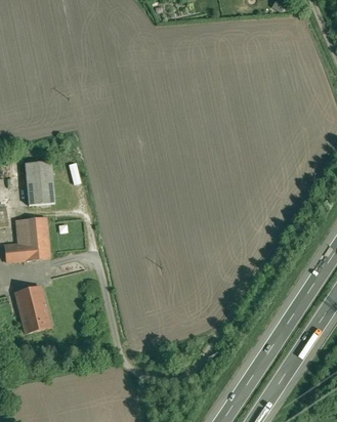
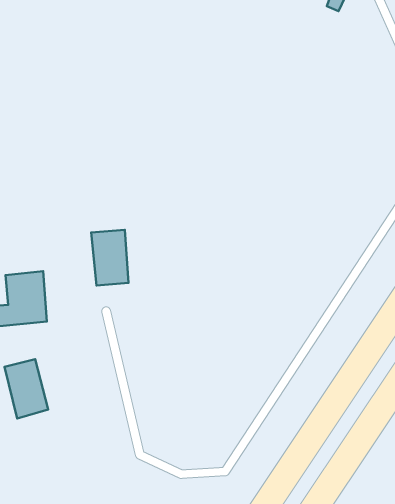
building: [25,160,54,204] -> [91,230,129,285]

